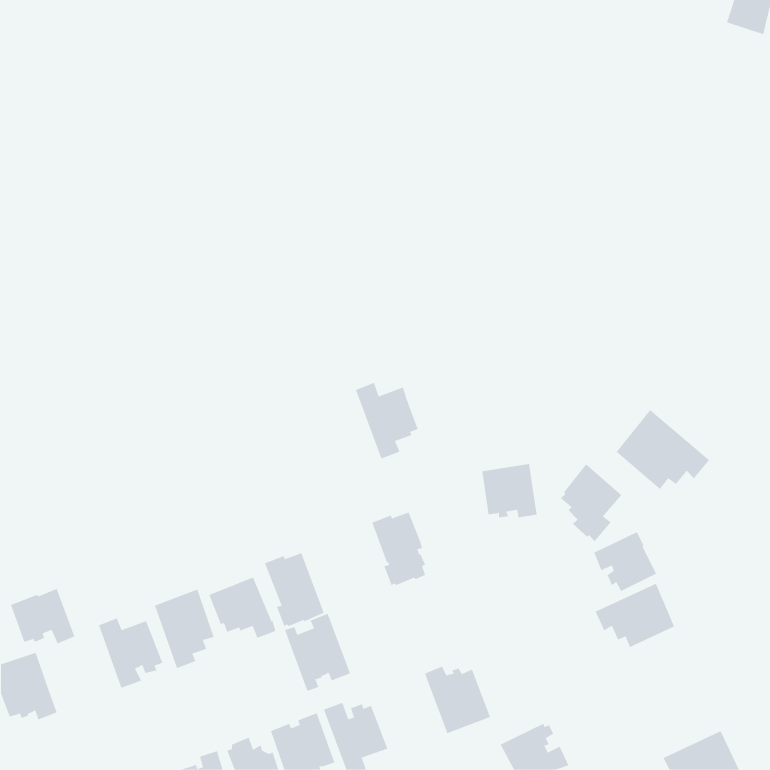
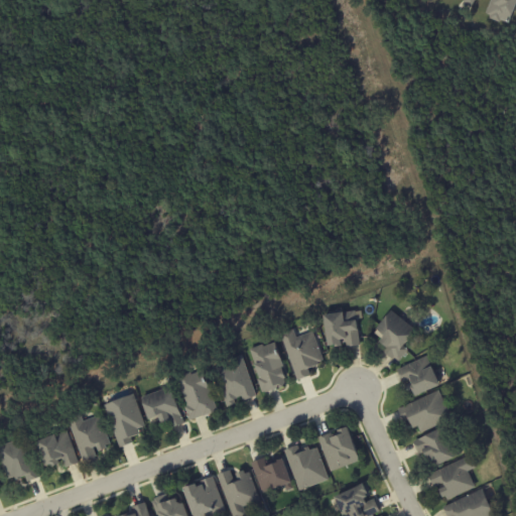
building: [355,382,418,459] -> [280,328,322,379]
building: [616,409,710,490] -> none
building: [10,588,75,644] -> [34,429,78,467]
building: [284,613,351,692] -> [212,354,256,406]
building: none -> [413,424,461,465]
building: none -> [319,425,360,471]
building: none -> [252,454,292,493]
building: none -> [428,455,477,500]

